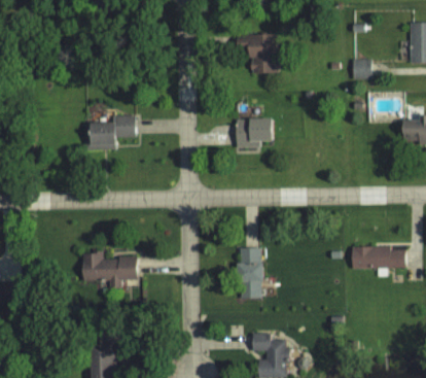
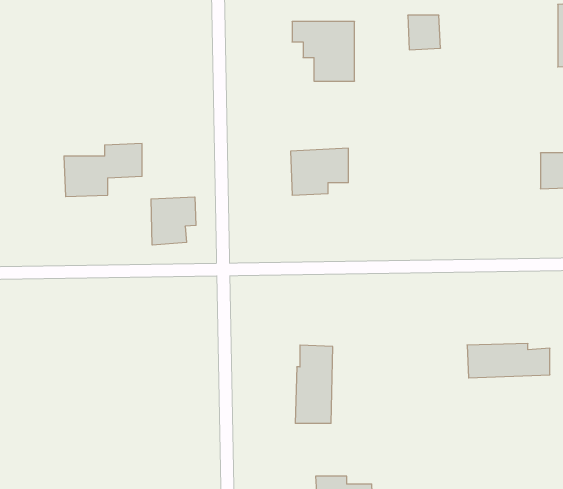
building: [352,59,374,81] -> [408,15,441,50]
building: none -> [151,197,196,245]
building: [82,252,138,283] -> none

